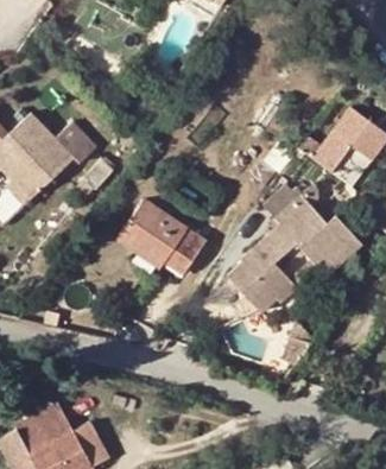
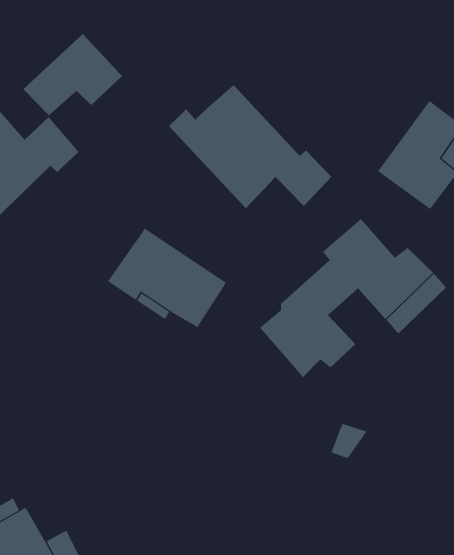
building: none -> [22,33,123,116]
building: none -> [168,84,332,209]

